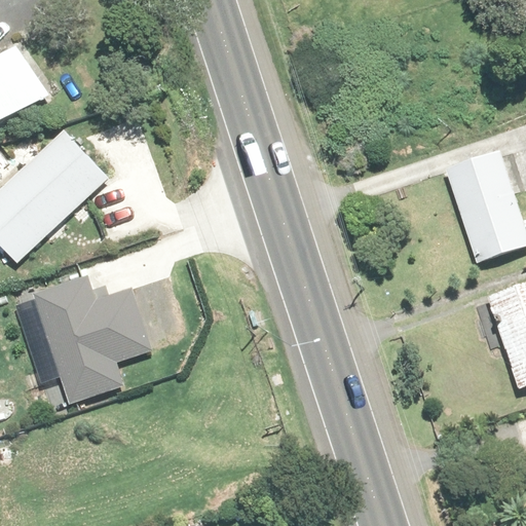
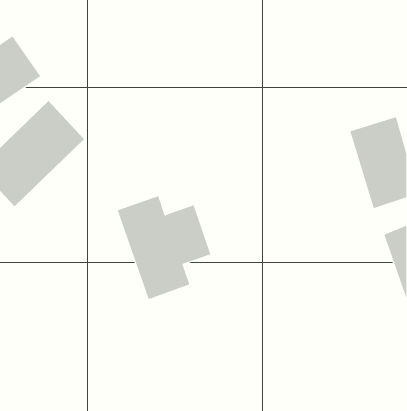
building: [31,274,151,407] -> [117,196,211,300]

